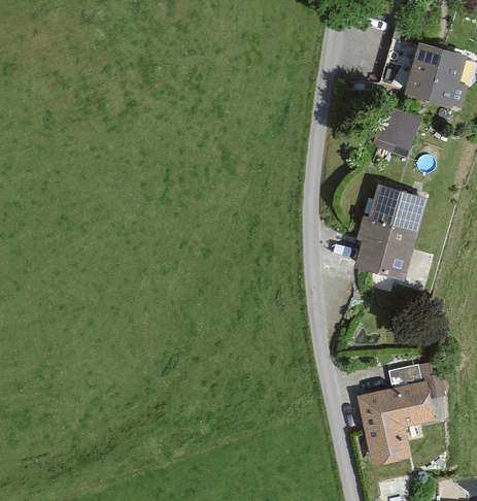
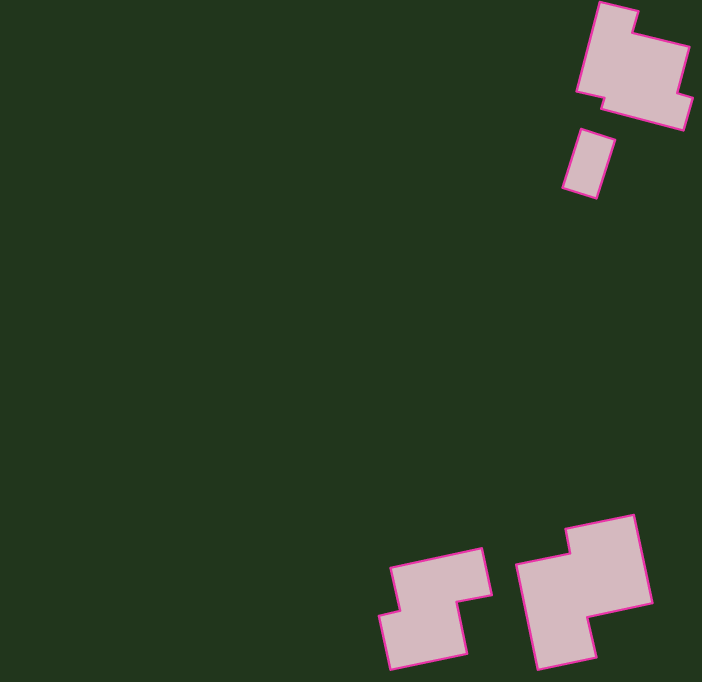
building: [354,185,425,278] -> none
building: none -> [379,548,492,670]

